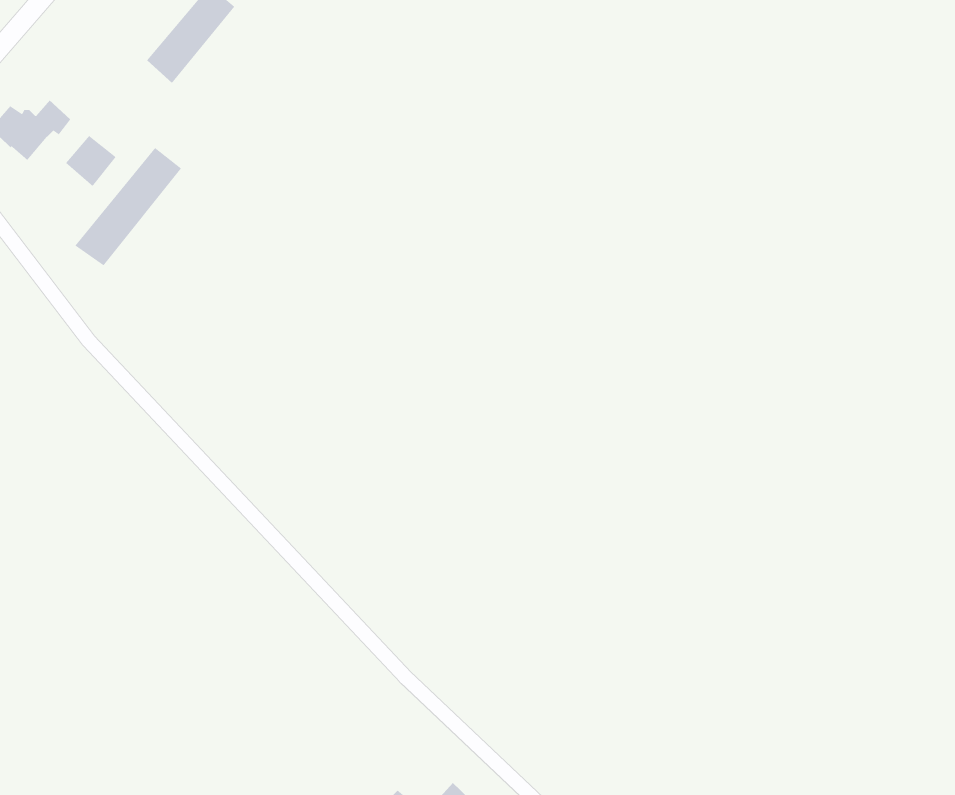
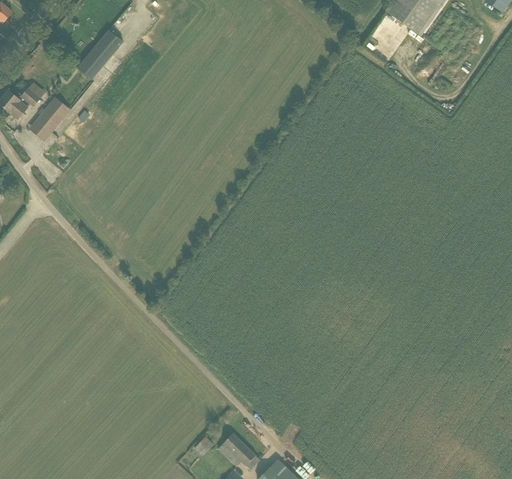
building: [75,147,182,266] -> none

